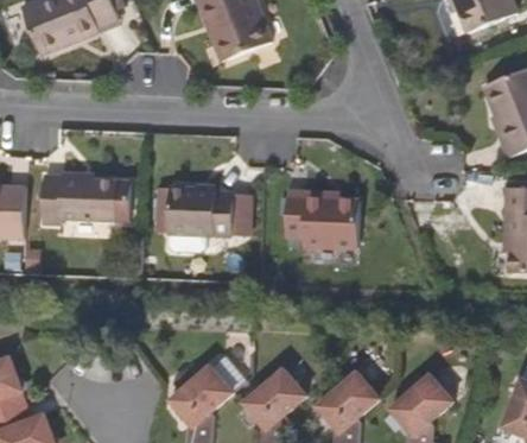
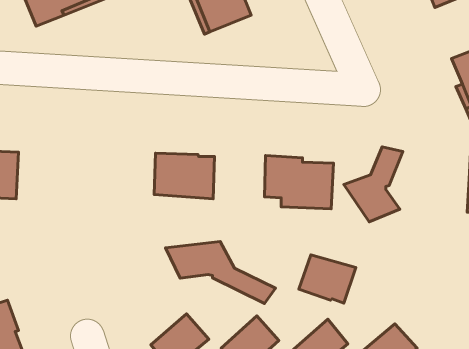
building: [43,175,118,224] -> none
building: none -> [344,147,403,222]
building: none -> [166,242,276,304]
building: none -> [299,255,356,303]

